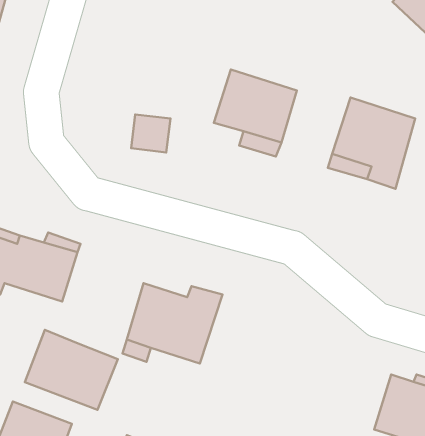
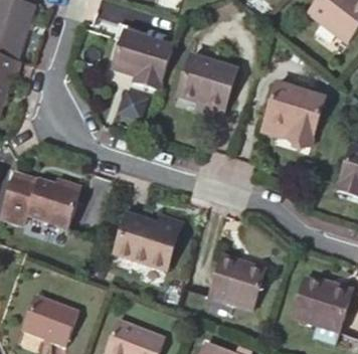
building: none -> [113,34,172,93]
building: [25,330,118,410] -> none
building: none -> [210,254,267,311]

